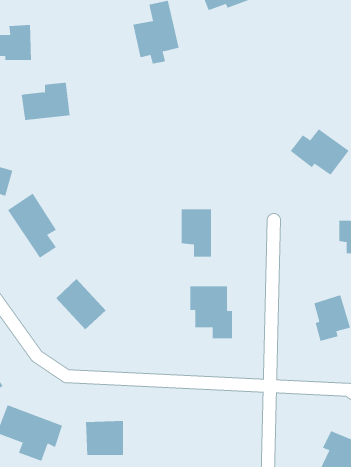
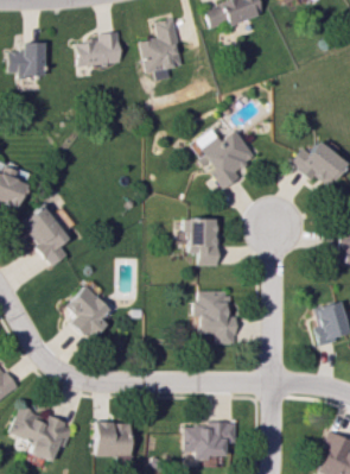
building: [21,82,70,120] -> [74,31,121,68]
building: none -> [195,129,255,189]
building: none -> [184,423,237,457]

